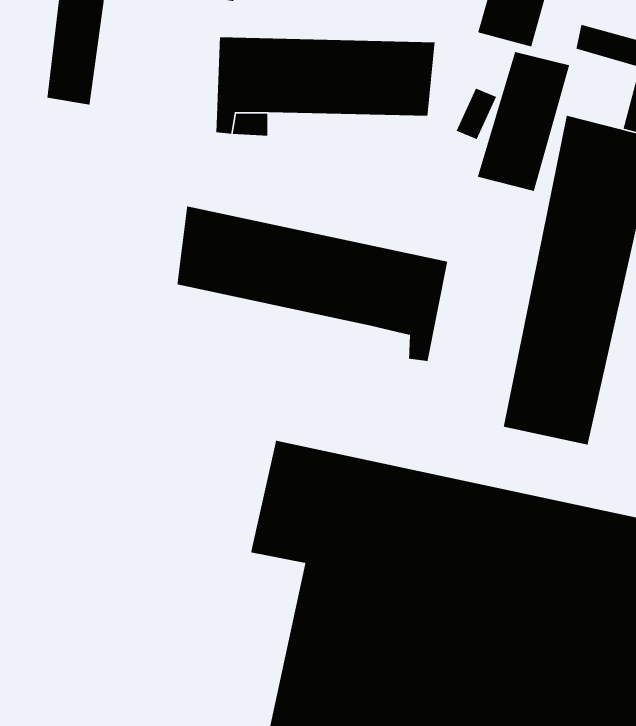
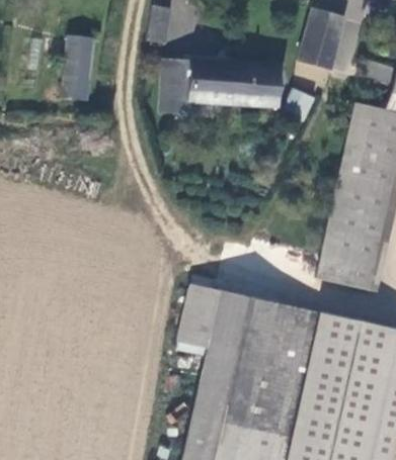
building: [477,51,570,192] -> none
building: [176,206,448,362] -> none

